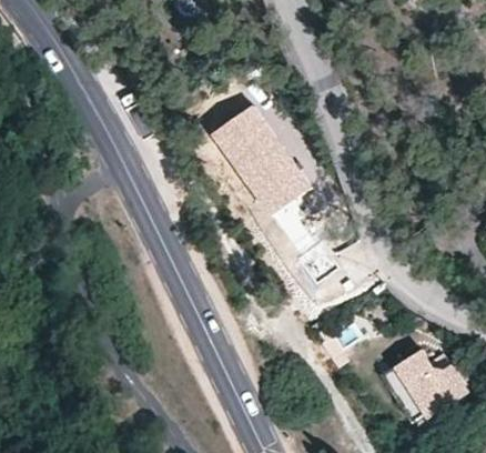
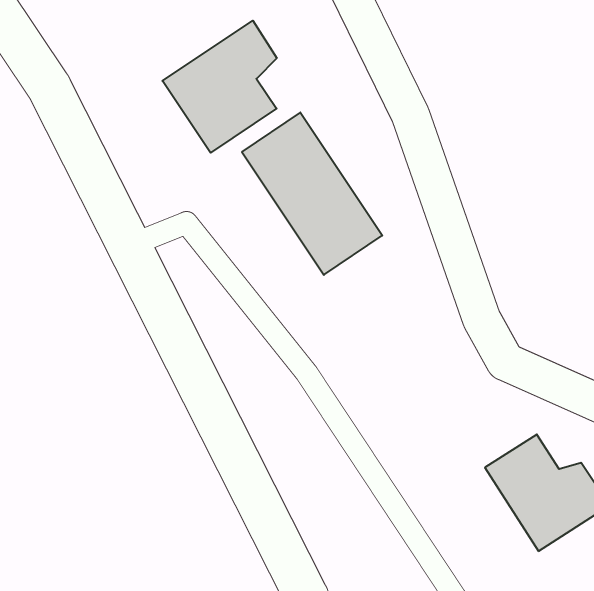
building: none -> [162,21,277,153]

